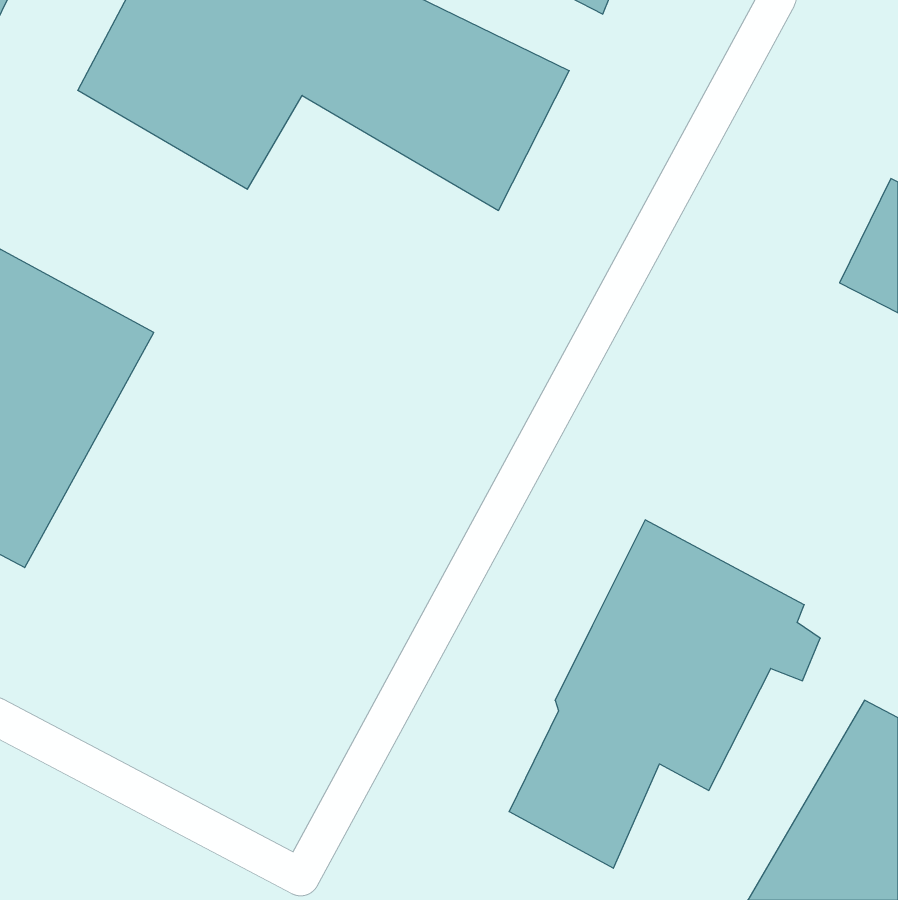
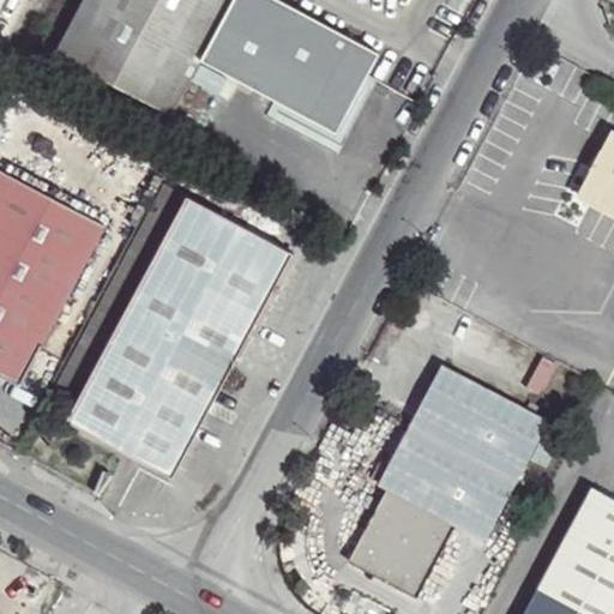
building: none -> [71,206,290,481]

